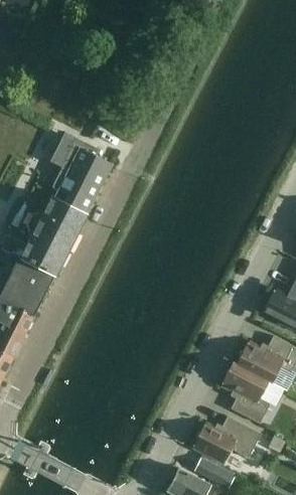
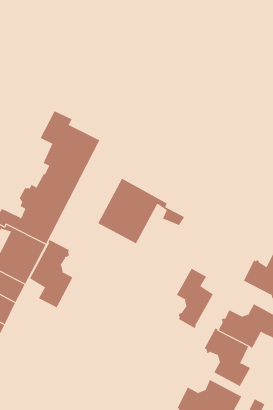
building: none -> [98,178,185,244]
building: none -> [29,239,73,308]
building: none -> [176,268,214,329]

